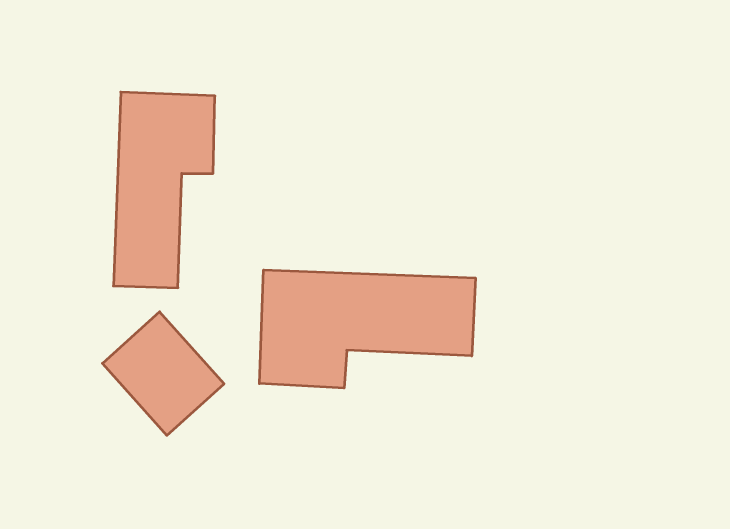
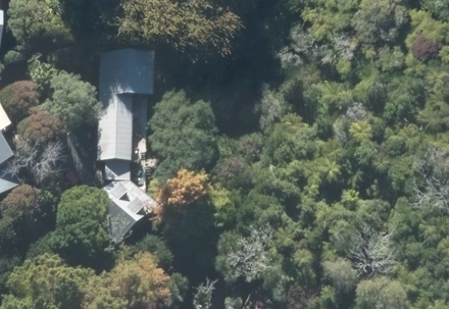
building: [259,270,475,388] -> none

